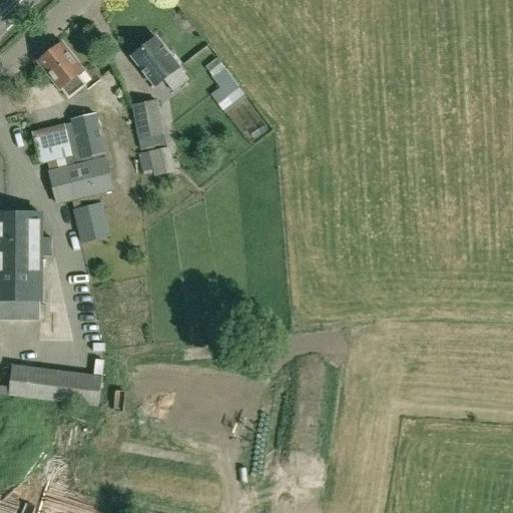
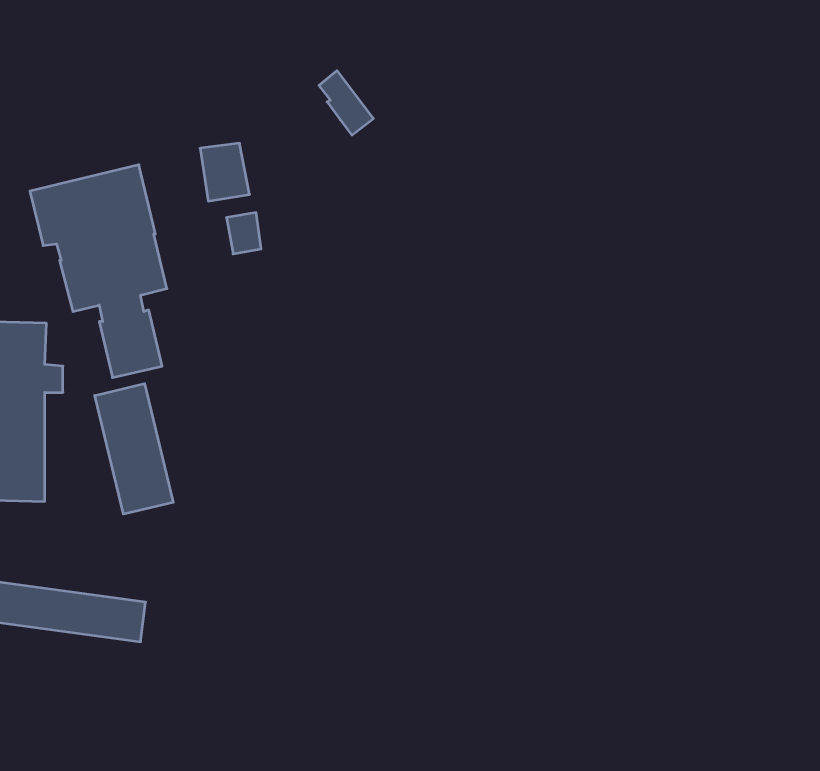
building: [132,35,188,89] -> none
building: [38,40,85,92] -> none
building: none -> [95,384,173,514]

